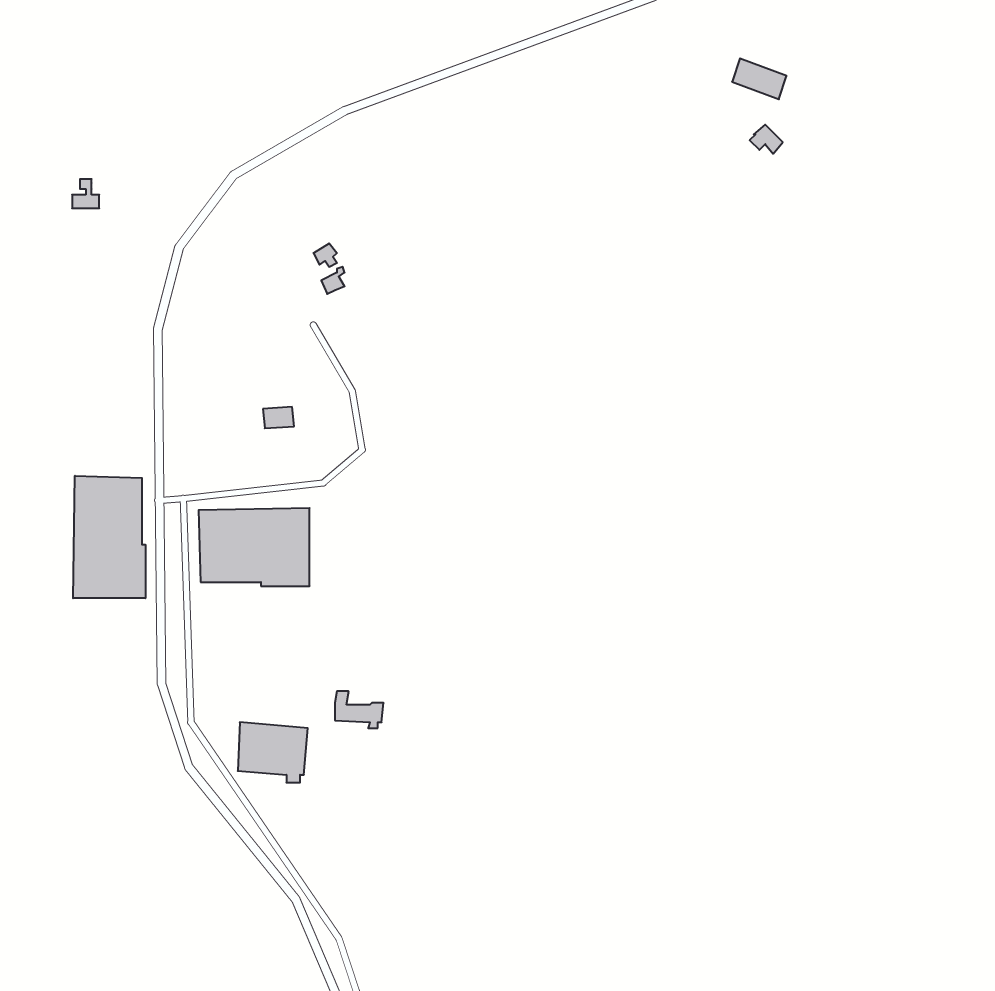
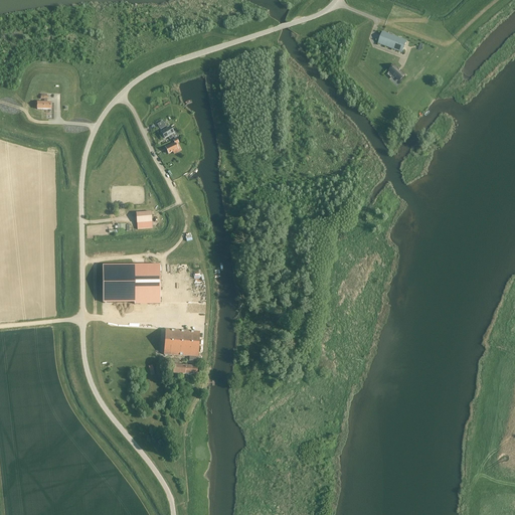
building: [73,476,145,598] -> none
building: [238,722,308,783] -> [164,328,200,359]

